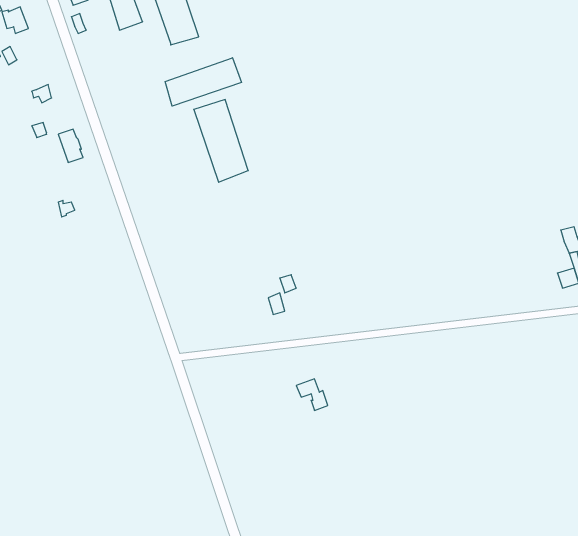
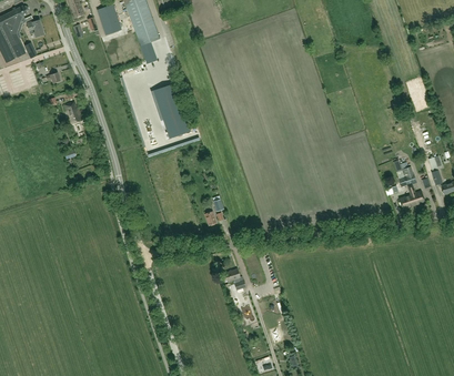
building: [165,58,242,106] -> none

